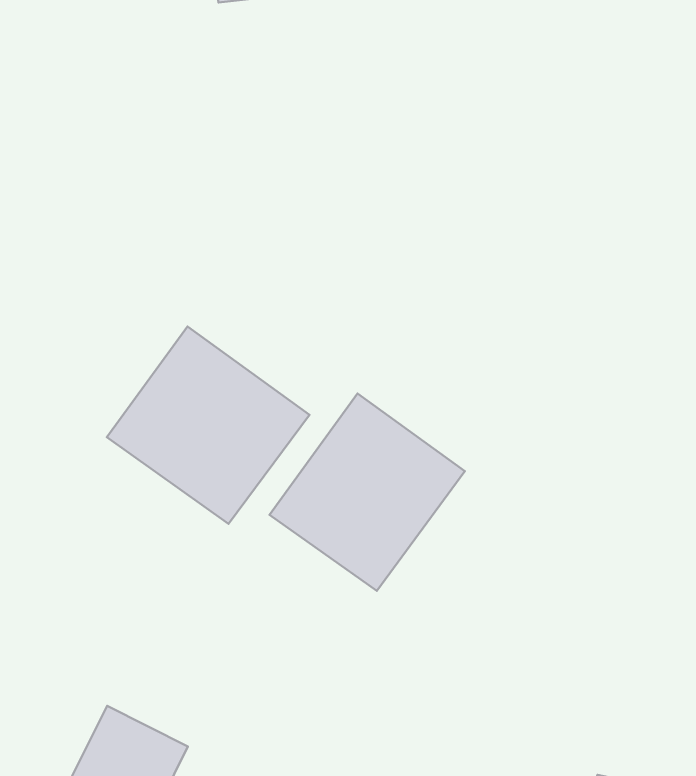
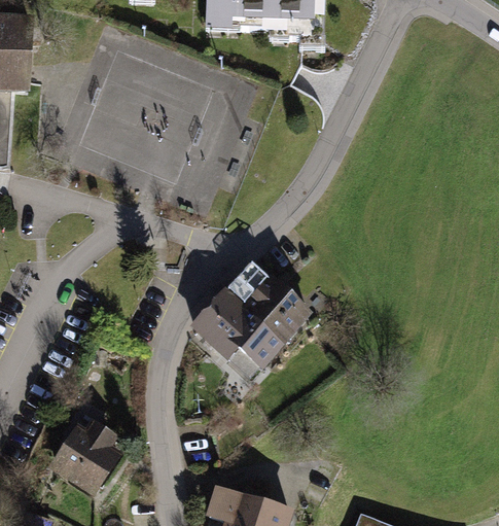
building: [107,326,309,524] -> none

